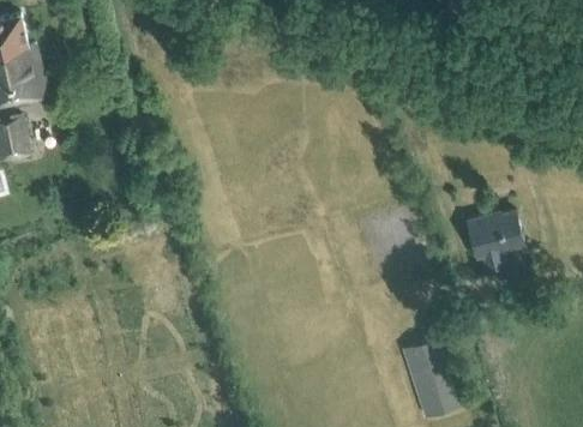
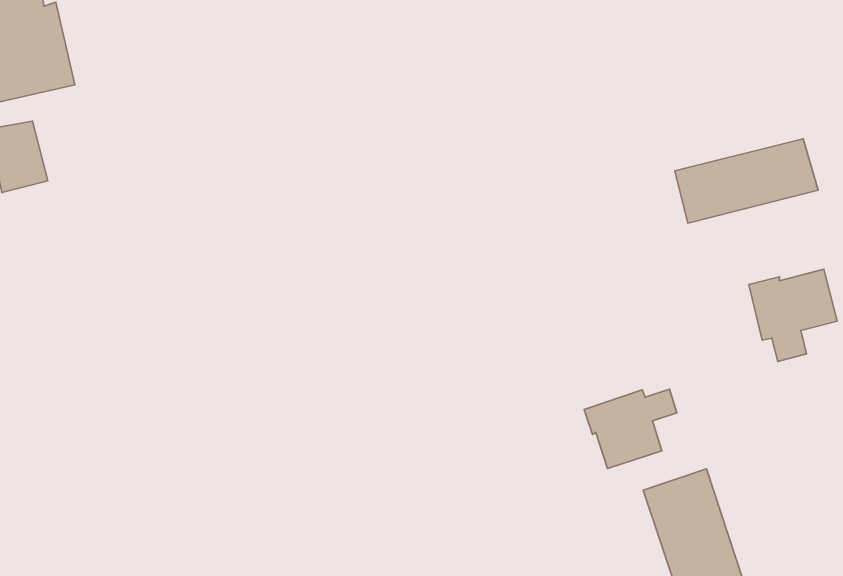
building: none -> [675,139,818,223]
building: none -> [584,389,677,469]

